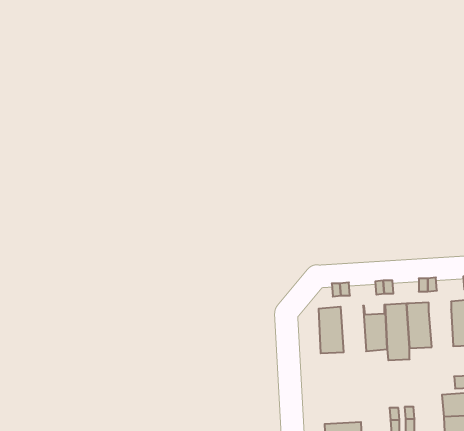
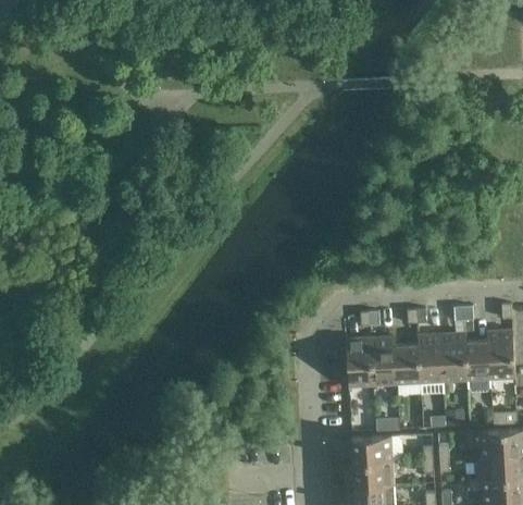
building: none -> [370,335,397,385]
building: none -> [464,340,490,380]
building: none -> [351,435,391,463]

